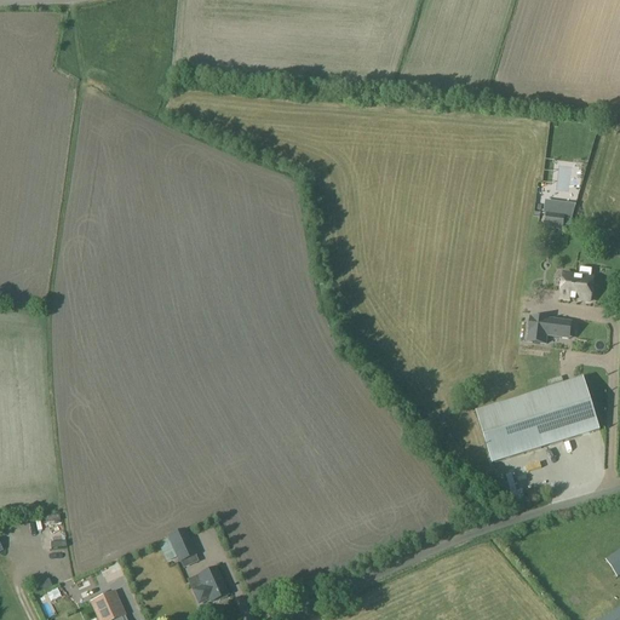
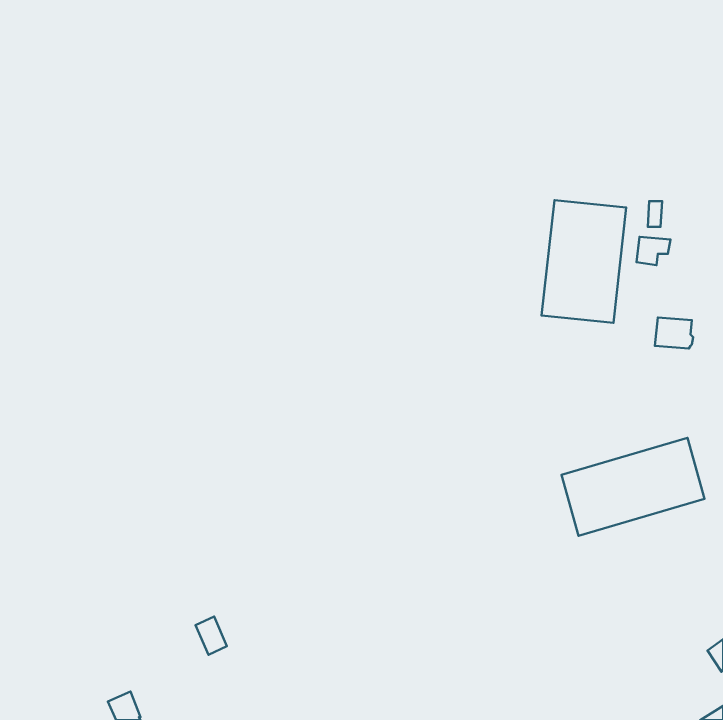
building: none -> [542,200,626,323]
building: [524,317,570,346] -> none
building: [189,566,226,601] -> none

